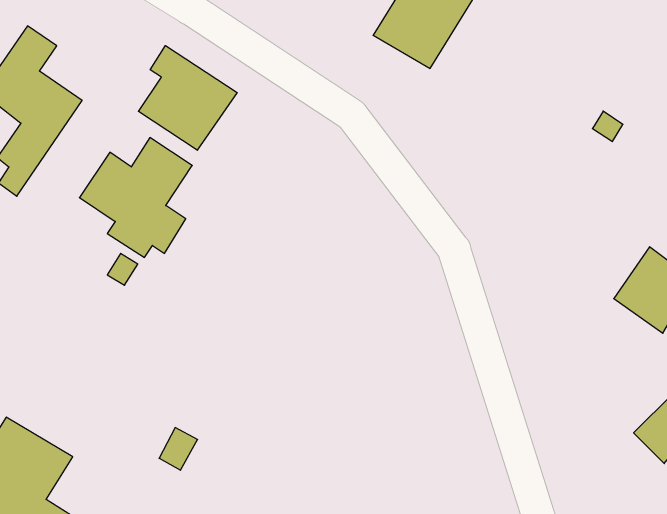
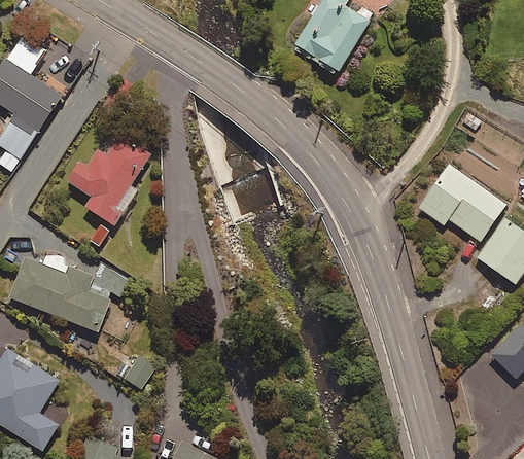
building: [138,46,237,150] -> none
building: none -> [419,165,504,240]
building: none -> [9,256,129,331]

